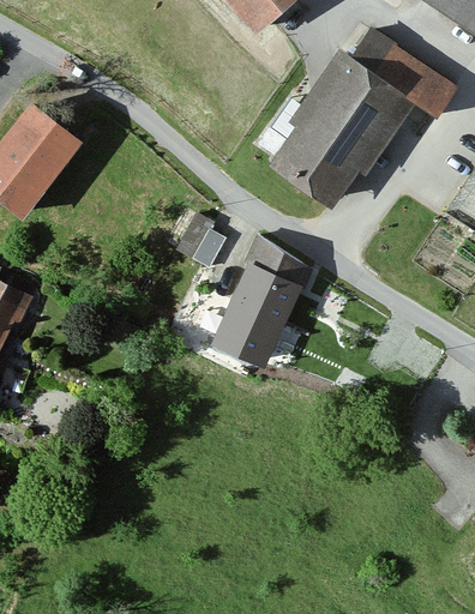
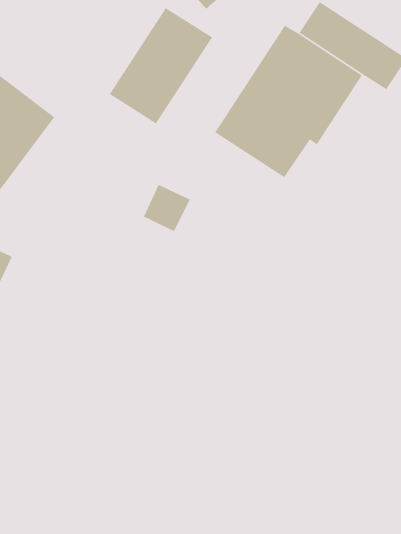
building: none -> [109,7,213,125]
building: [205,239,311,371] -> none

